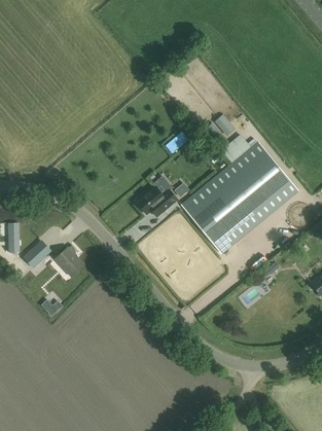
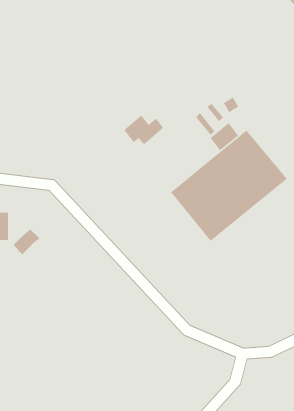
building: [136,186,177,217] -> [123,114,164,145]
building: [55,246,83,277] -> none

